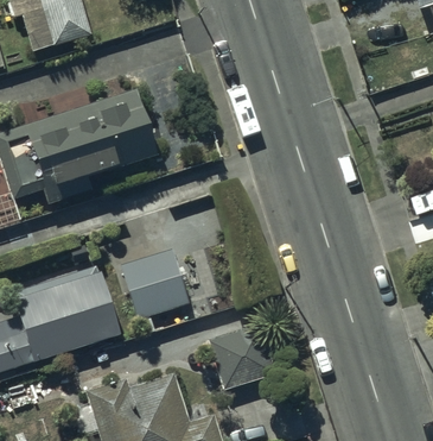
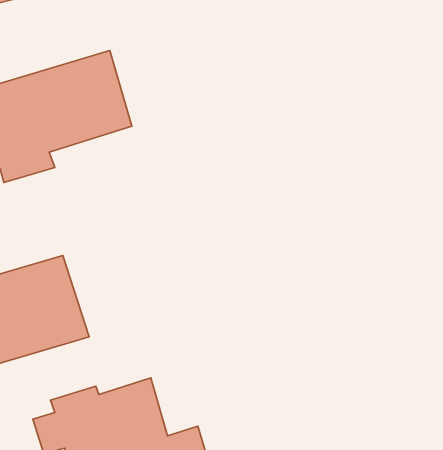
building: [121,251,189,319] -> none
building: [209,326,276,389] -> none

